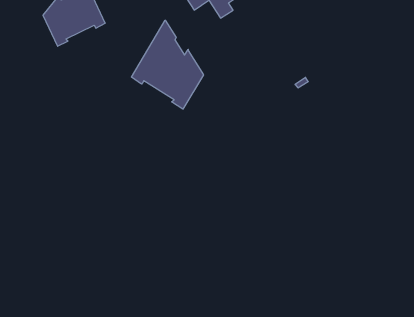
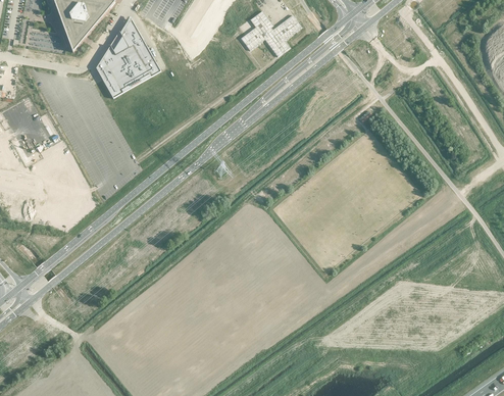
building: [131,20,203,109] -> none

